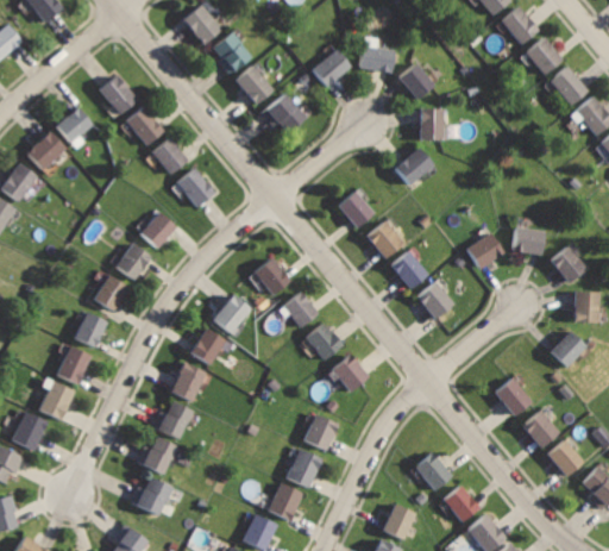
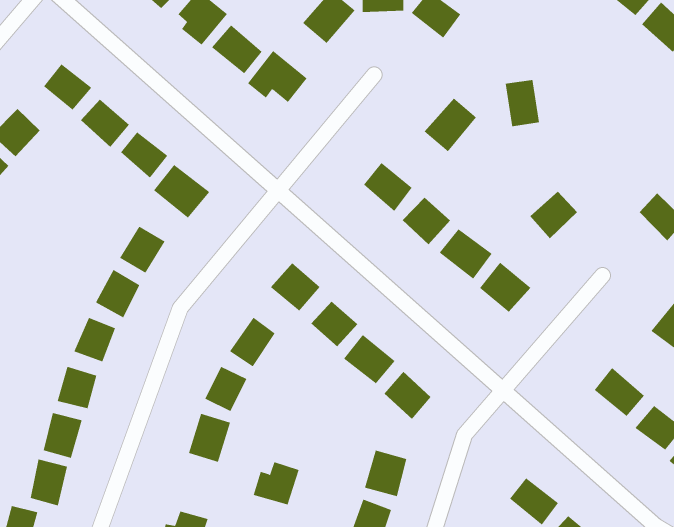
building: [419,107,441,142] -> [505,79,540,127]
building: [510,227,542,256] -> none
building: [151,403,190,439] -> [253,461,300,505]

